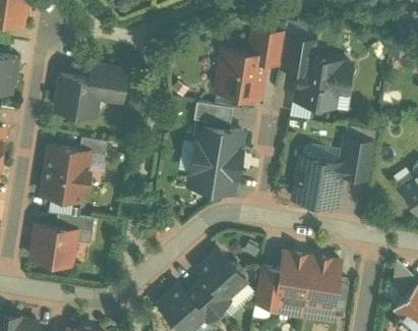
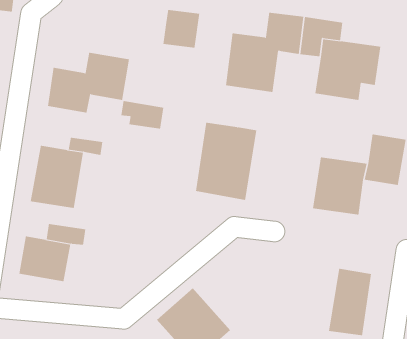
building: none -> [163,9,200,49]
building: [190,106,229,131] -> [121,100,164,129]
building: [186,247,250,312] -> none
building: [254,252,315,313] -> none

